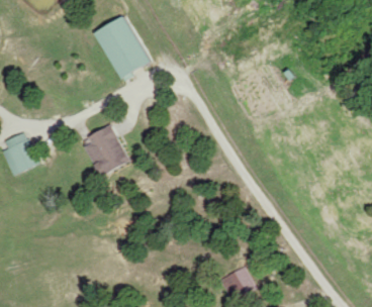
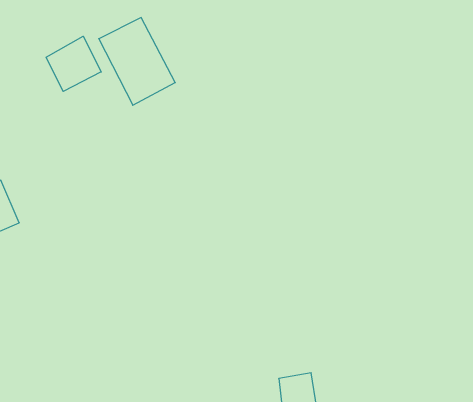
building: none -> [46,36,101,91]
building: [84,125,129,175] -> none

